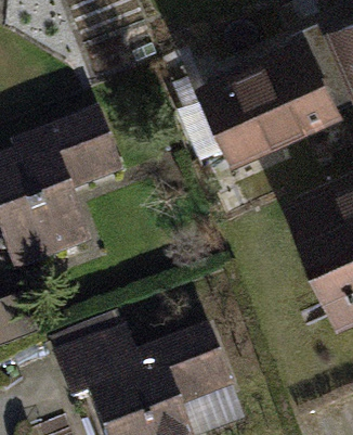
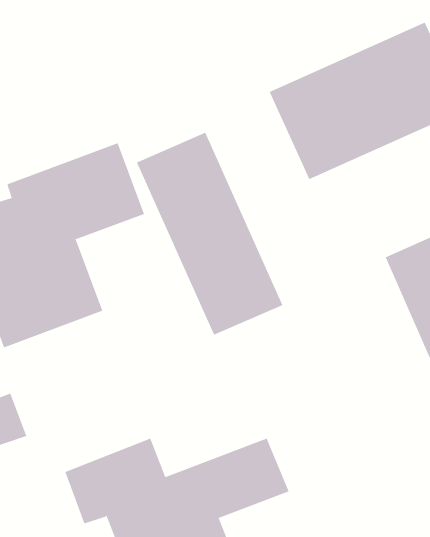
building: none -> [136,132,283,336]

